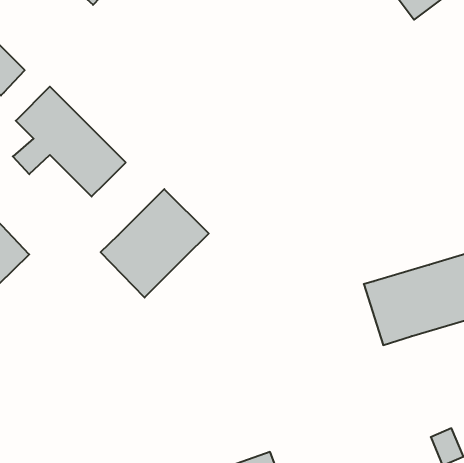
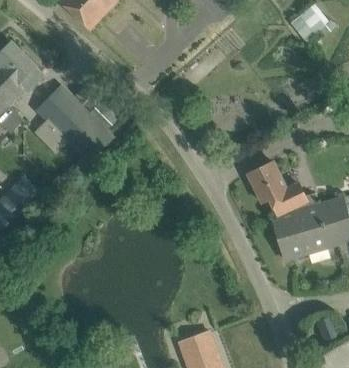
building: [101,189,209,298] -> none
building: none -> [248,161,316,216]

